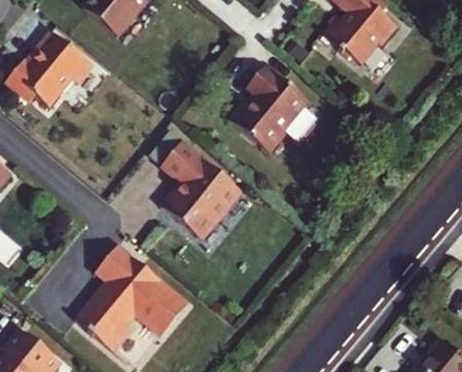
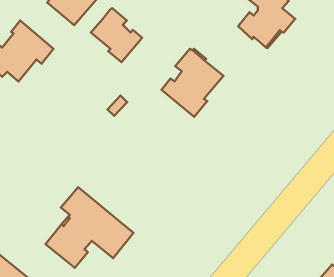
building: none -> [91,8,142,62]
building: [161,143,239,237] -> none

